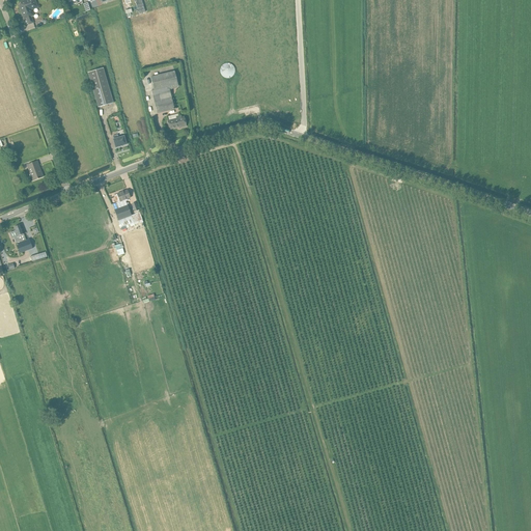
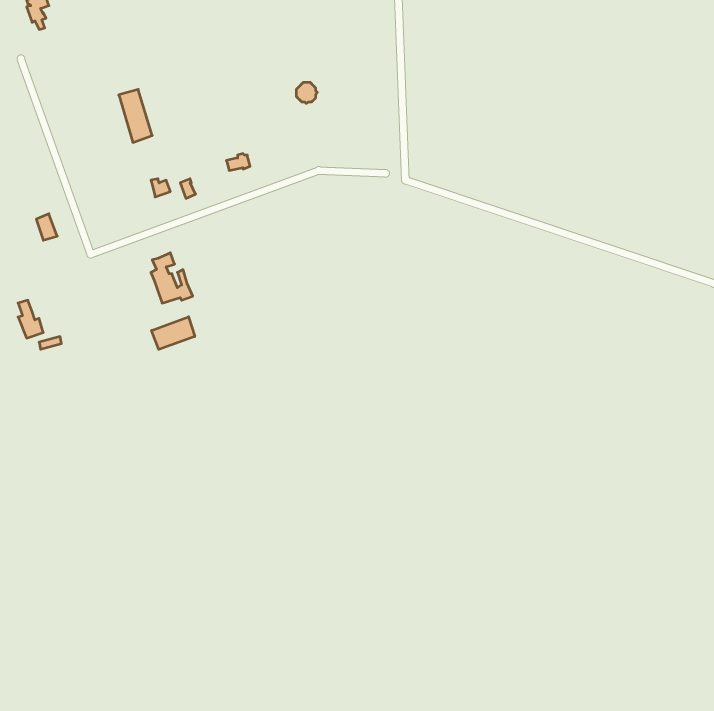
building: [150,69,178,111] -> none
building: none -> [152,317,195,349]

